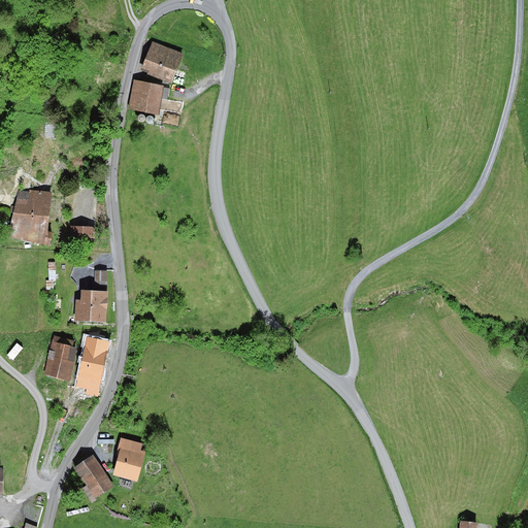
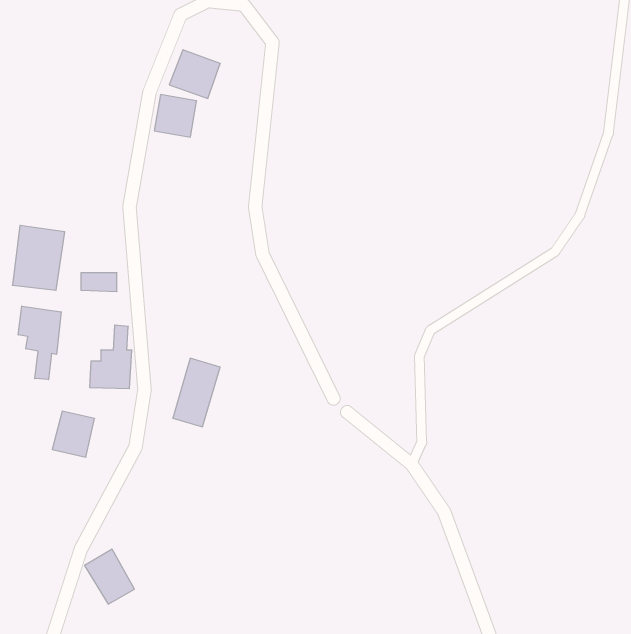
building: none -> [18,306,61,380]
building: [71,336,110,393] -> [173,358,220,427]
building: [111,437,146,481] -> none

